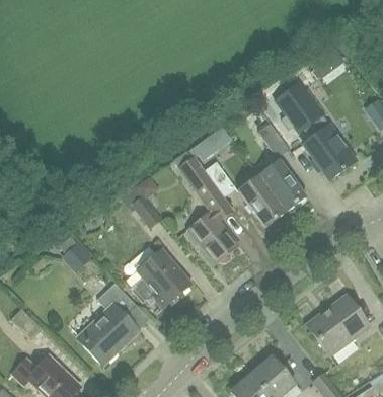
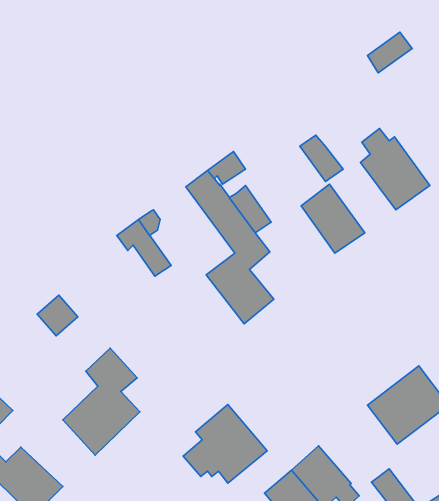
building: [272,81,322,133] -> none
building: [237,175,284,226] -> none
building: [129,249,192,308] -> [183,405,267,483]

